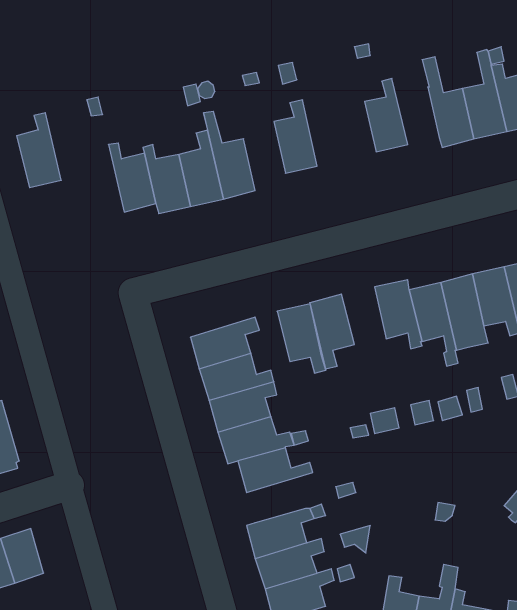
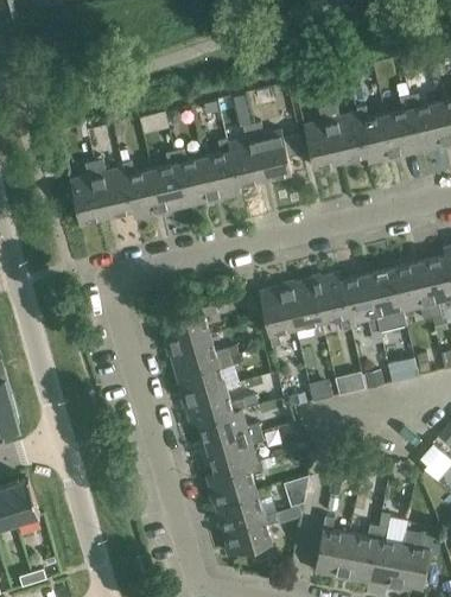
building: none -> [326,106,366,163]
building: none -> [250,113,292,180]
building: [17,113,61,188] -> [69,163,106,224]
building: none -> [204,139,241,201]
building: [277,304,326,373] -> [285,280,325,337]
building: none -> [207,433,263,475]

